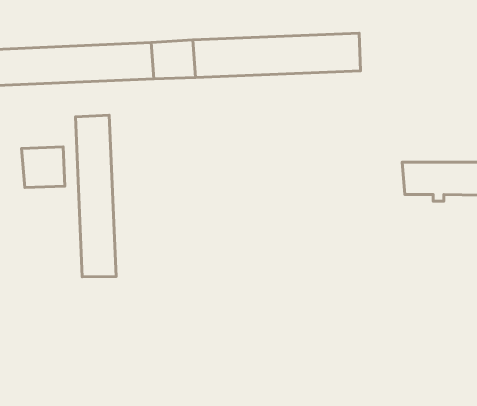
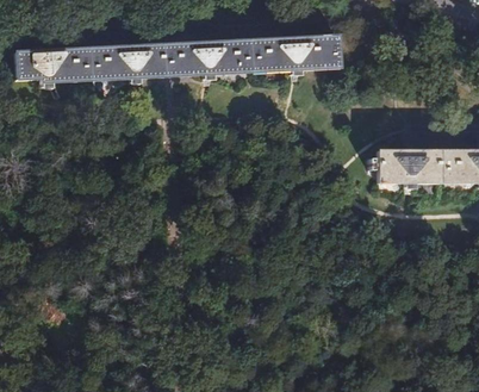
building: [76,115,116,277] -> none
building: [22,147,65,188] -> none

